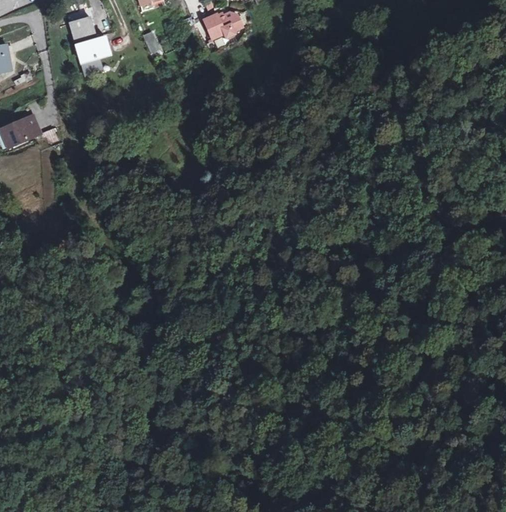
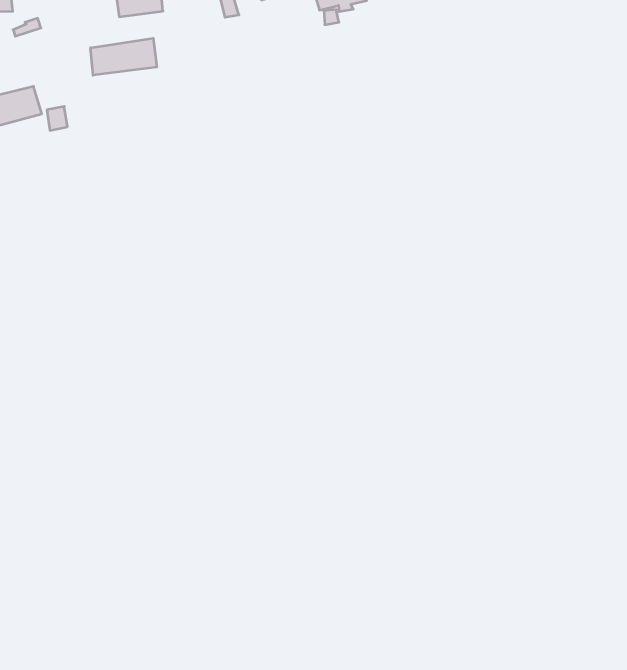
building: none -> [91,38,157,75]

